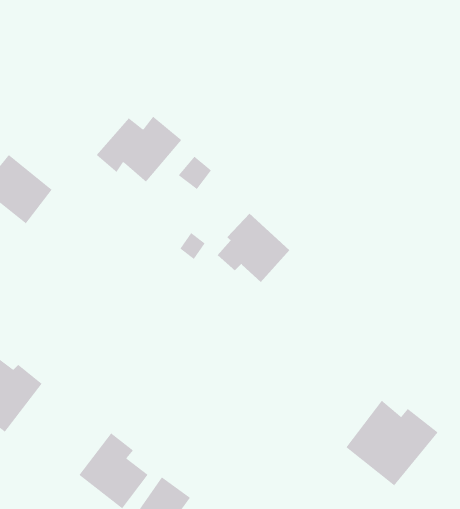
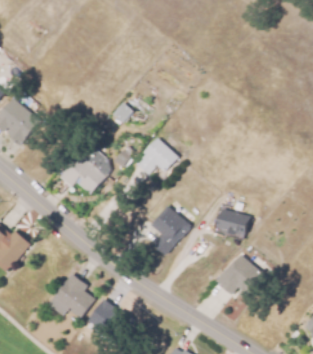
building: [96,116,182,183] -> [59,153,112,194]
building: none -> [150,205,190,244]
building: none -> [218,208,251,234]

